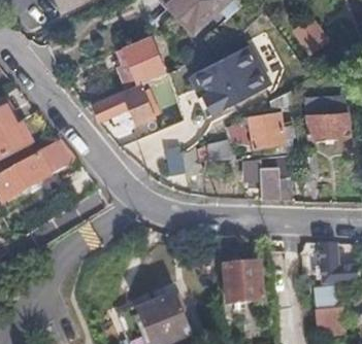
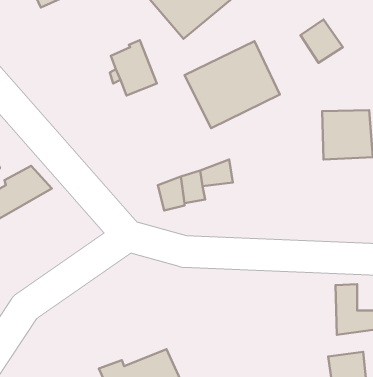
building: [95,84,159,124] -> none
building: [251,111,289,148] -> none
building: [245,154,296,198] -> none
building: [226,265,263,305] -> none

